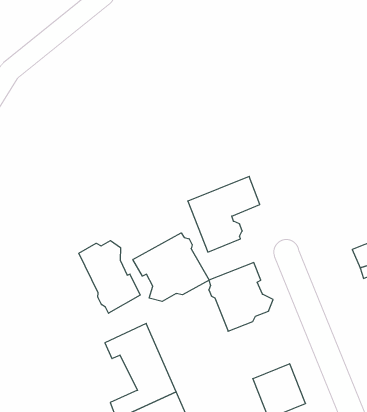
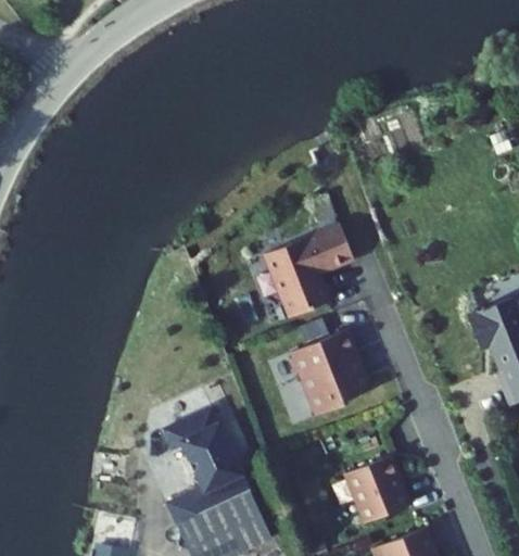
building: [133,233,209,301] -> none
building: [79,241,140,313] -> none

